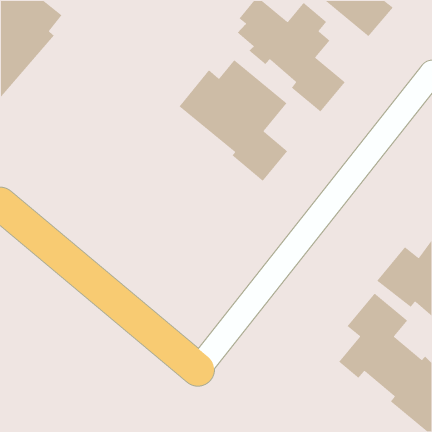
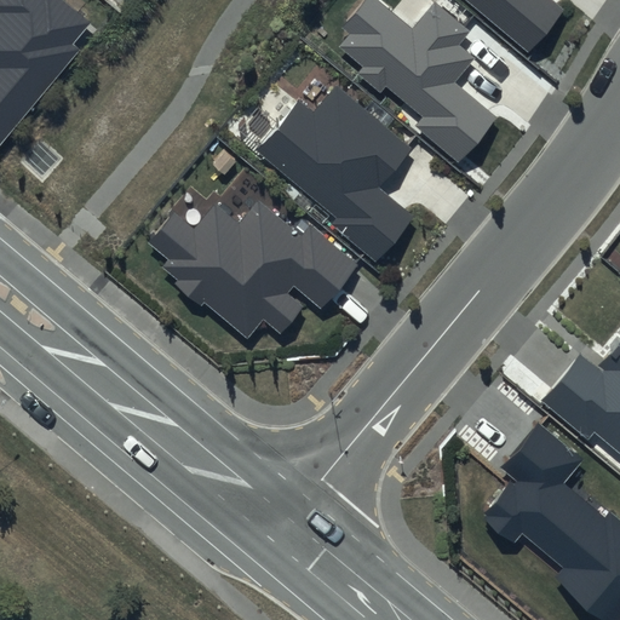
building: none -> [147,200,356,339]

